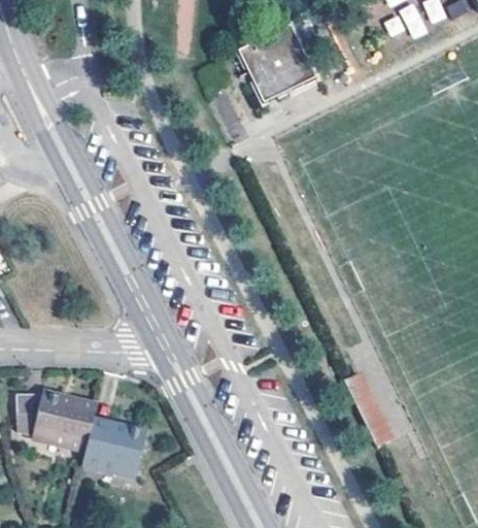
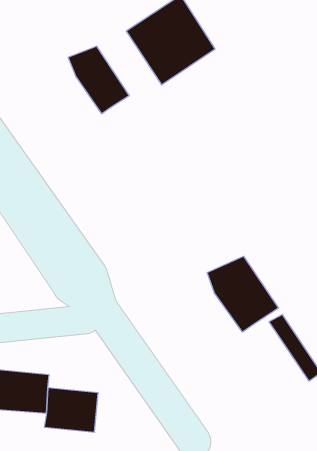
building: none -> [68,46,129,114]
building: none -> [207,256,278,332]

